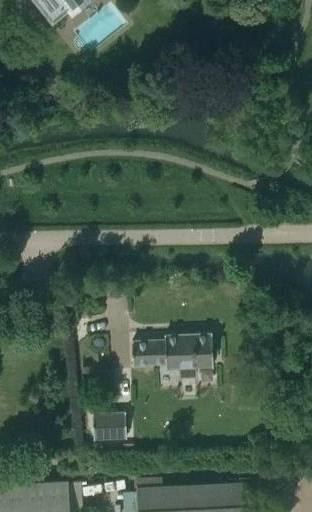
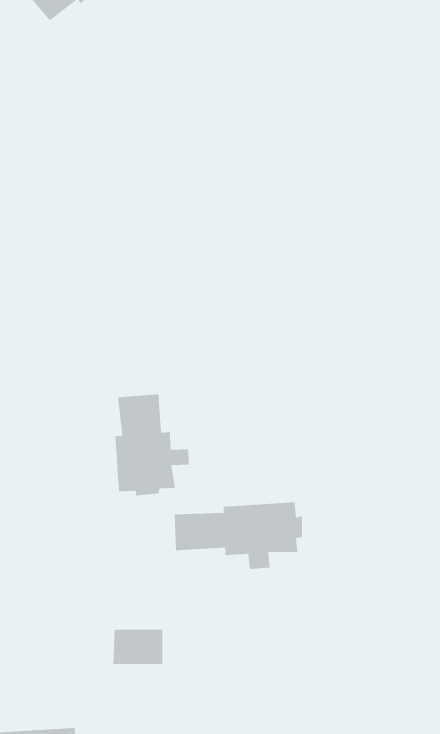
building: none -> [115,394,189,497]

